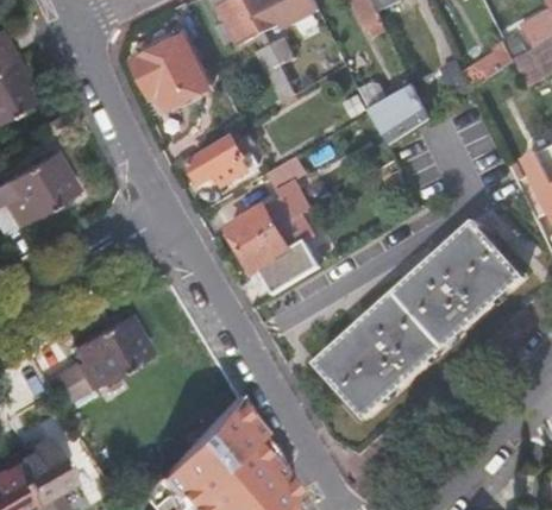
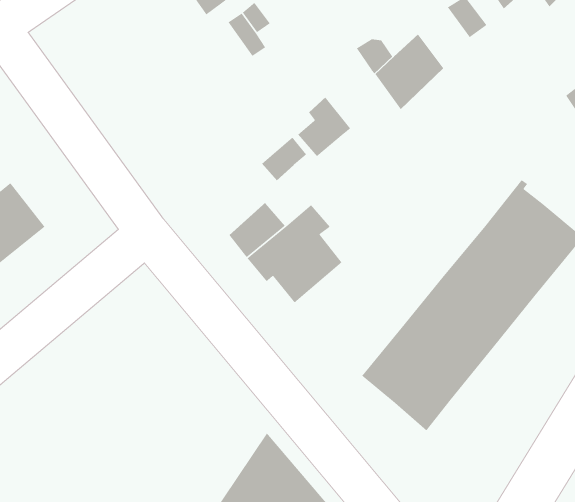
building: [136,37,209,109] -> none
building: [189,138,247,185] -> none
building: [265,178,310,227] -> [297,97,351,157]
building: [40,315,146,405] -> none

